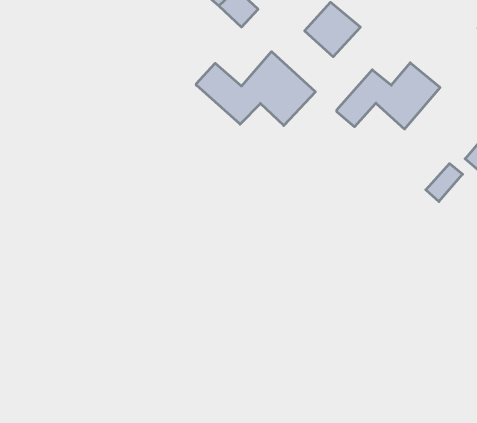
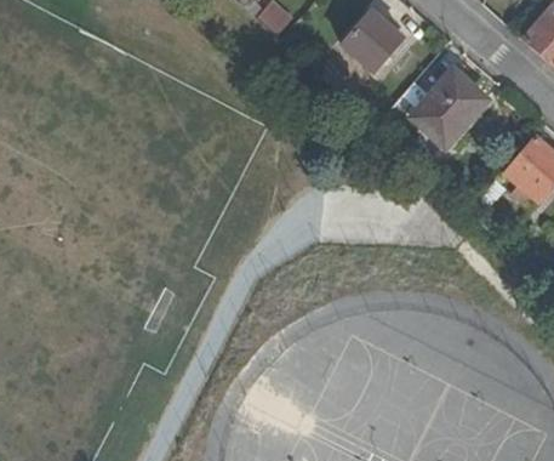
building: [196,52,315,126] -> none

